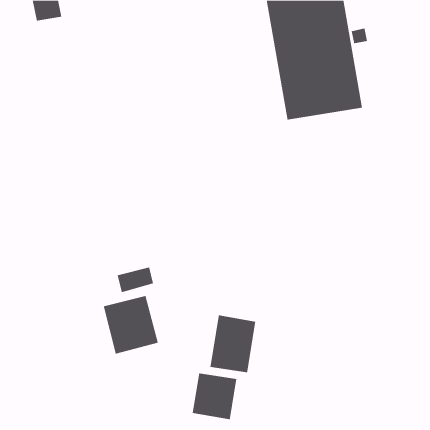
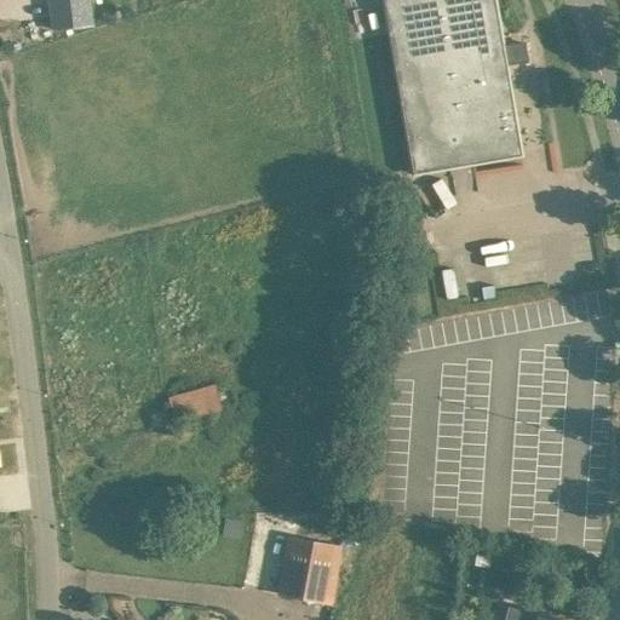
building: [103,295,158,355] -> none
building: [210,315,256,373] -> none

